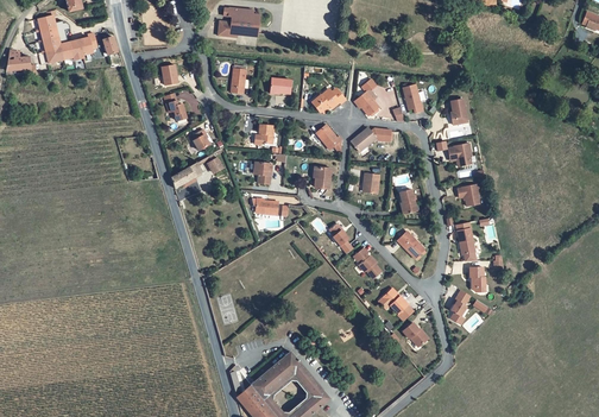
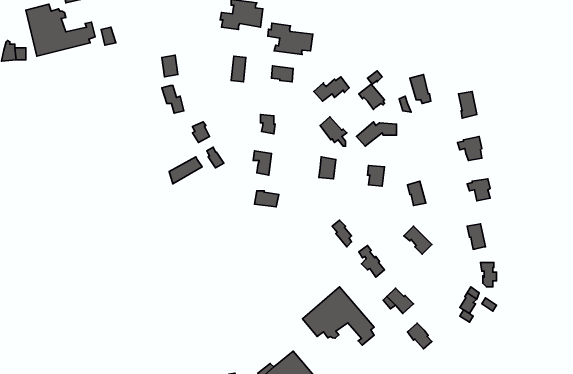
building: none -> [268,23,313,55]
building: none -> [302,287,374,345]

